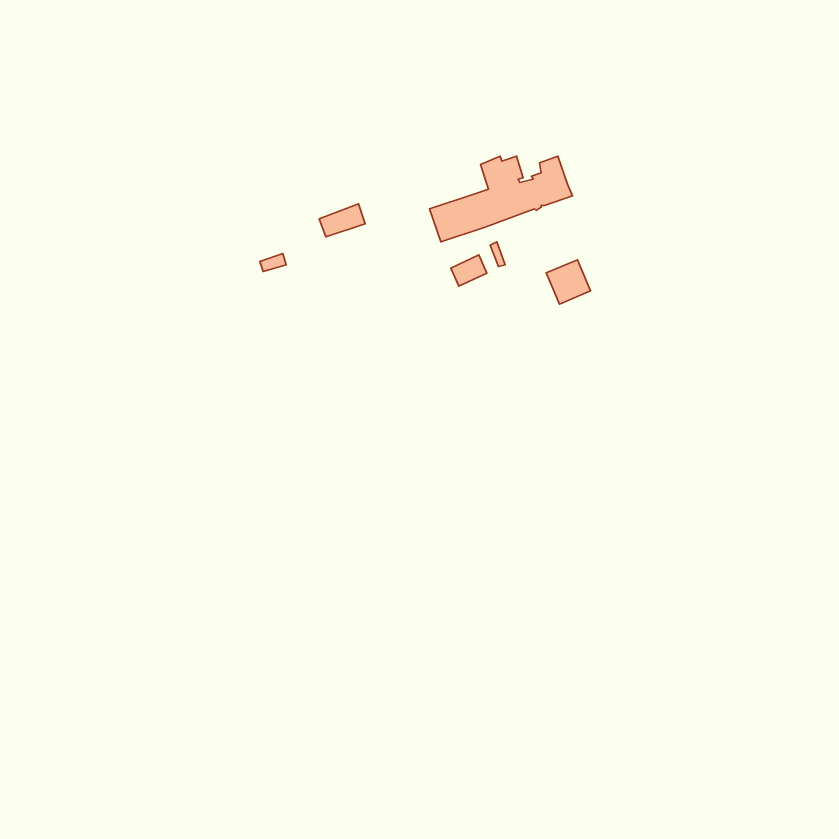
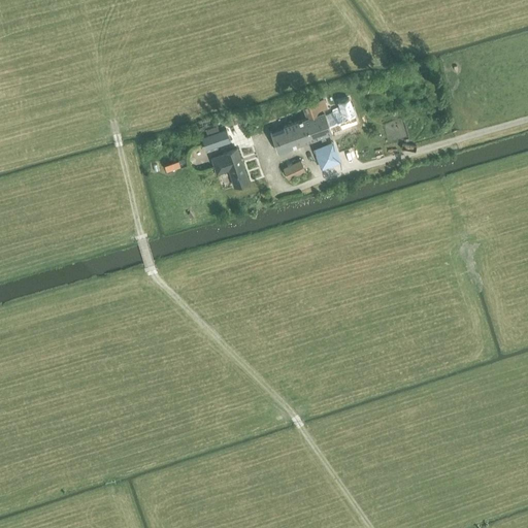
building: none -> [211,150,249,188]
building: [546,260,591,304] -> [312,142,340,170]

